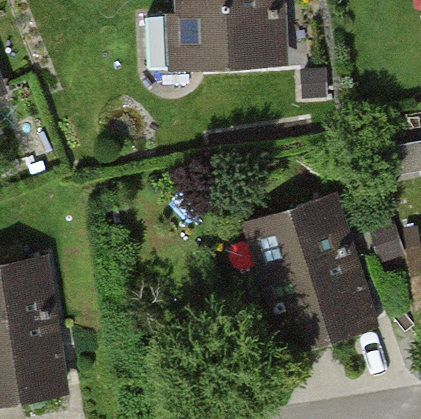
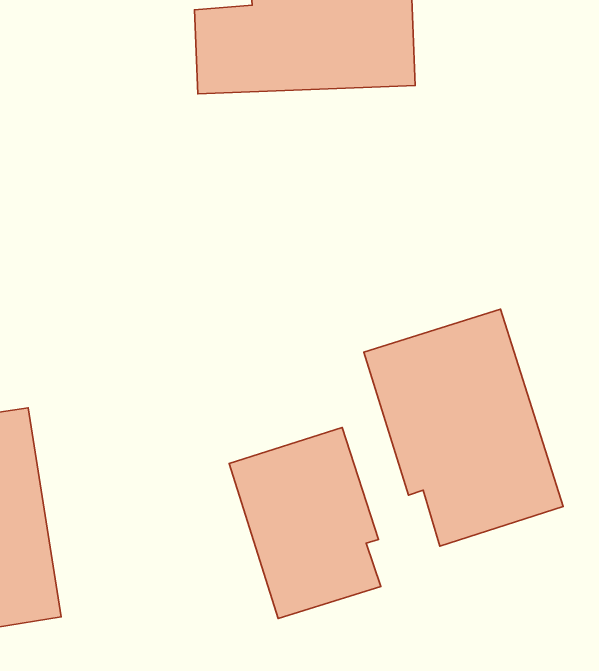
building: none -> [229,427,381,619]

